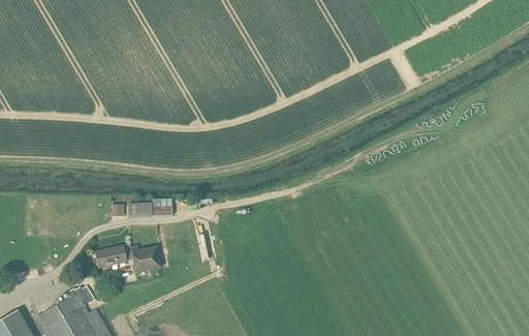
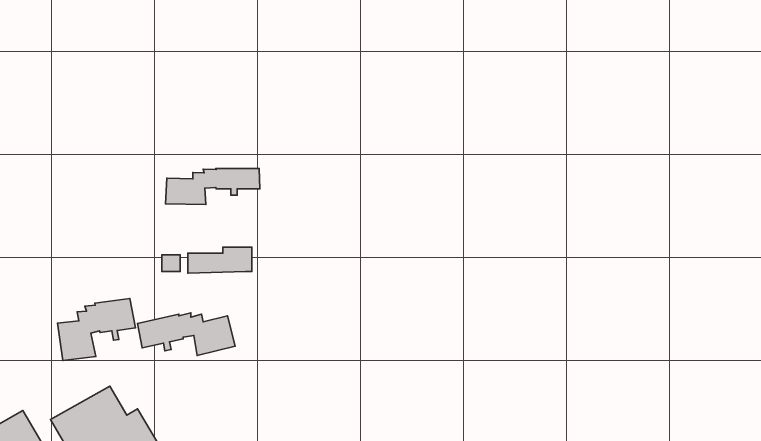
building: none -> [165,168,260,205]
building: none -> [58,298,135,360]

